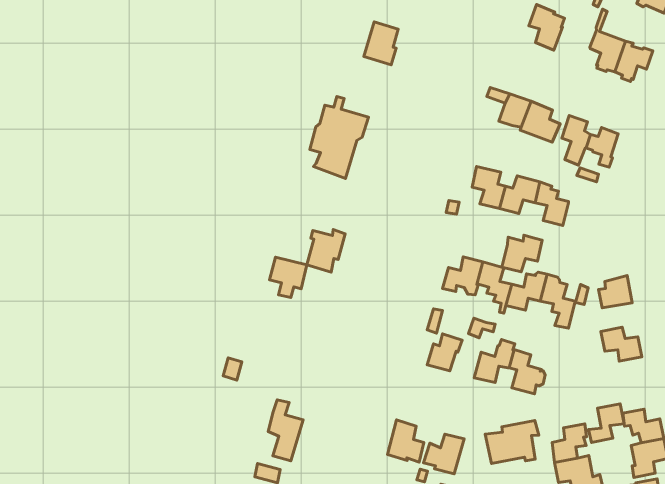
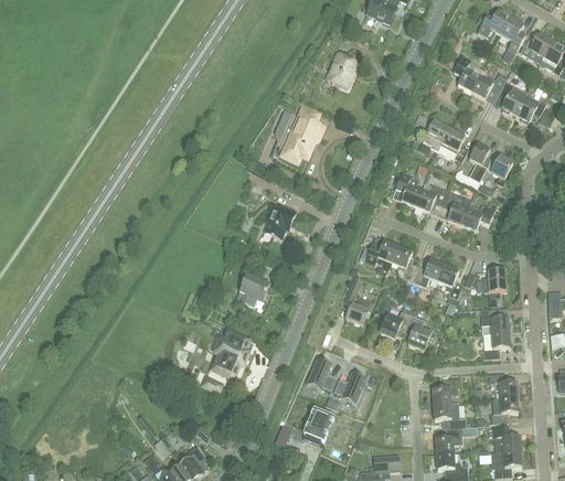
building: none -> [470,72,505,98]
building: [502,235,542,272] -> [460,203,493,231]
building: [270,257,307,298] -> [238,274,268,306]
building: [588,404,624,442] -> [481,332,509,359]
building: [485,421,539,463] -> none

